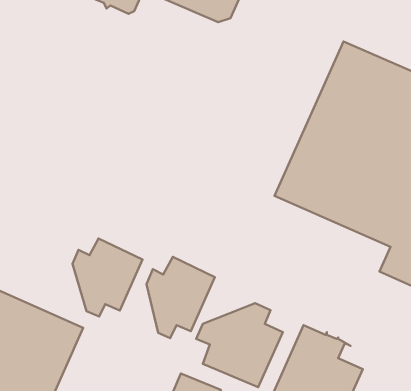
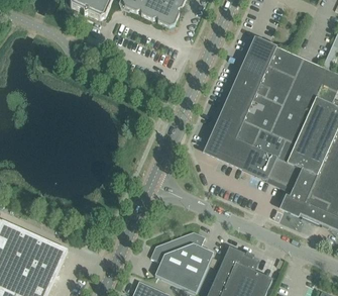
building: [72,239,143,317] -> none
building: [146,257,215,338] -> none

